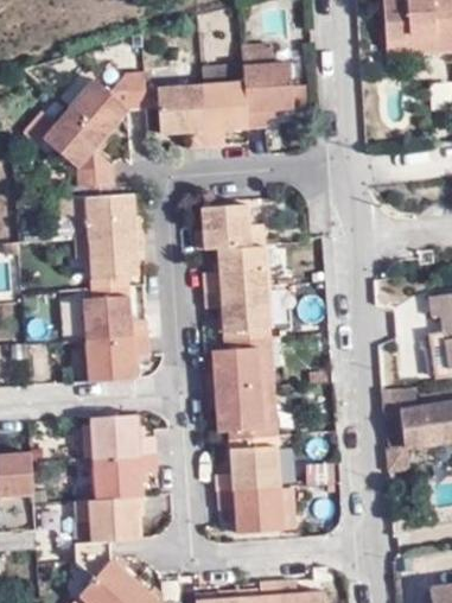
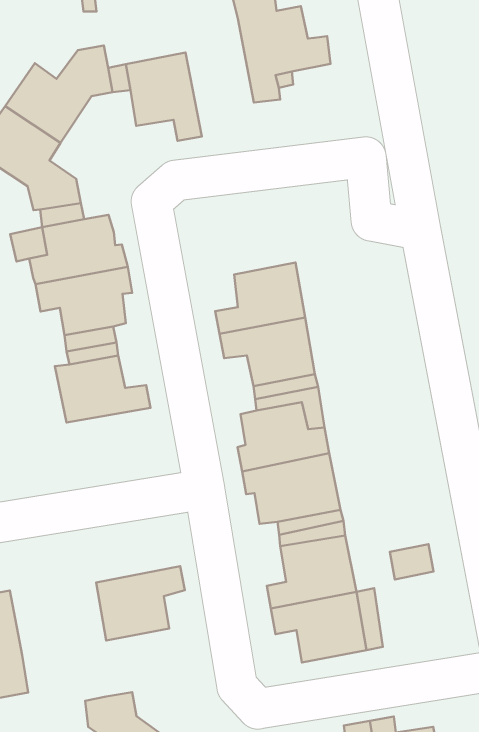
building: [199,64,247,146] -> none
building: [196,204,263,249] -> none
building: [85,337,149,382] -> none
building: [90,414,155,458] -> none
building: [76,497,145,541] -> none

